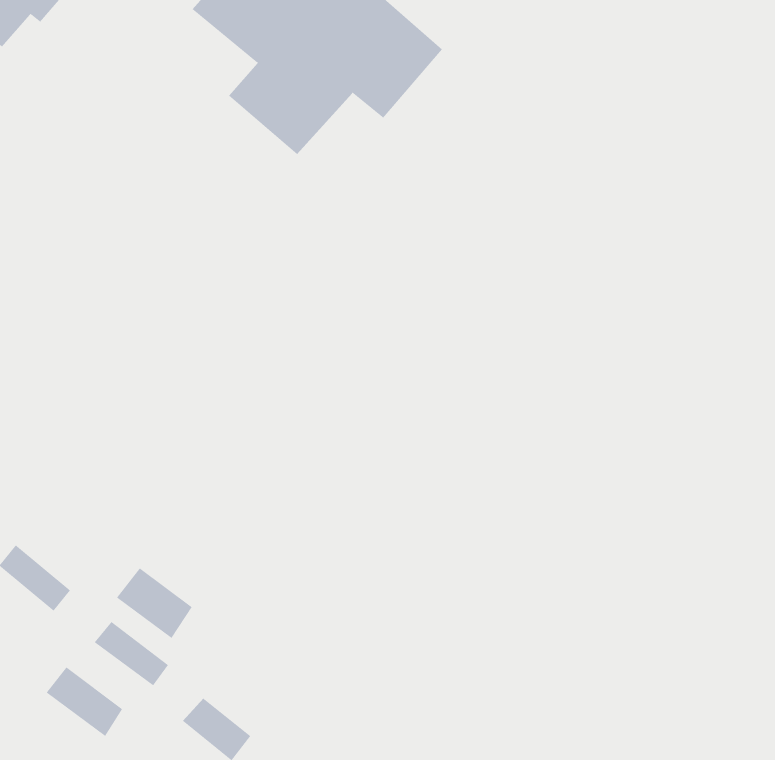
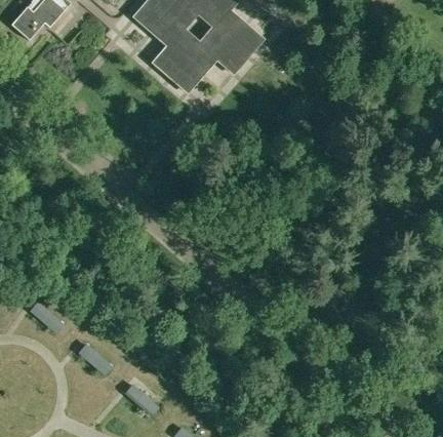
building: [116,567,192,639] -> none
building: [46,667,123,737] -> none

